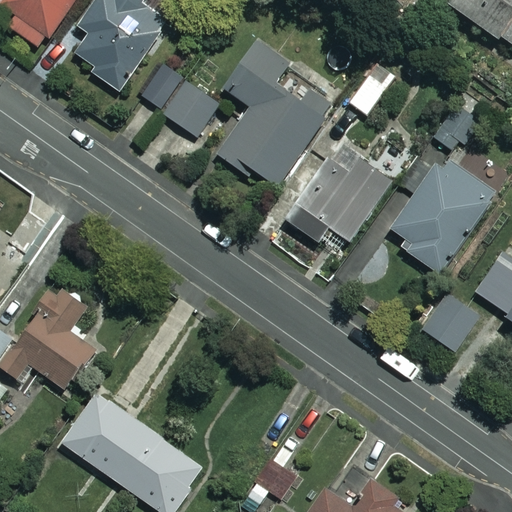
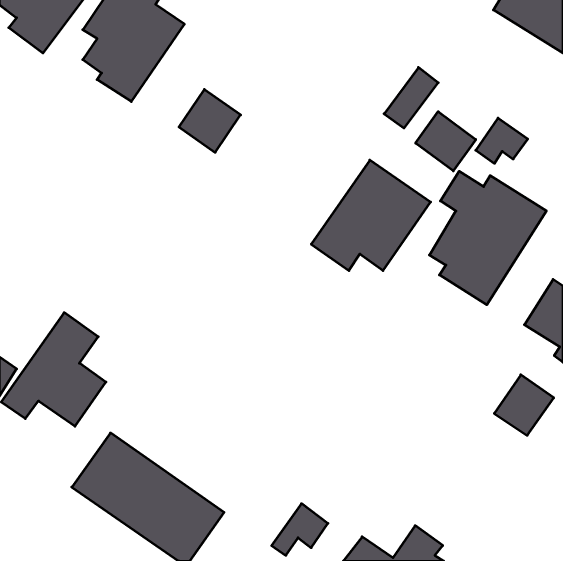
building: [215,44,337,189] -> none
building: none -> [416,112,476,171]
building: [422,295,476,350] -> [494,375,554,435]

